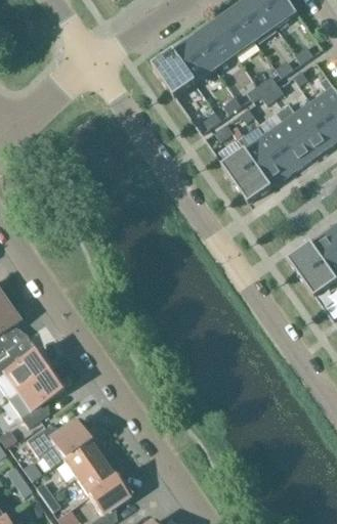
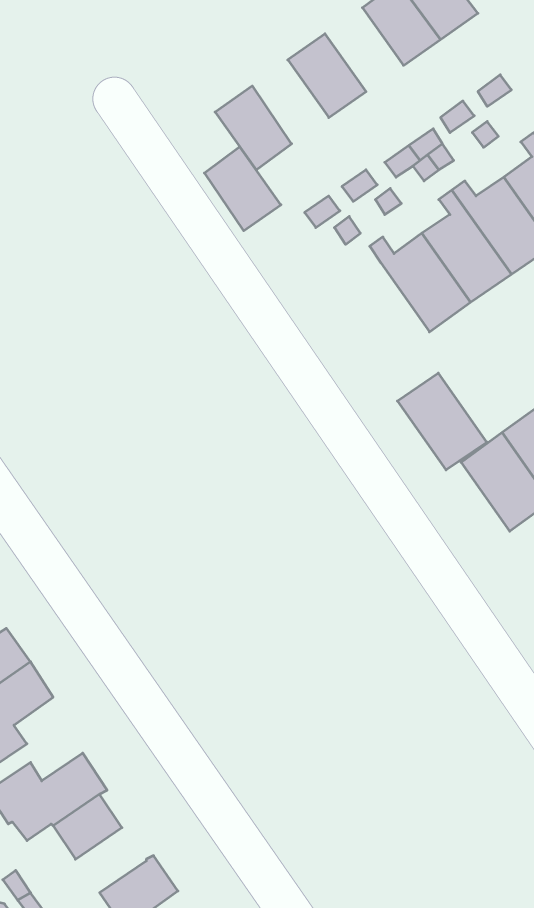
building: [213,7,256,53] -> none
building: [173,36,215,82] -> [204,147,281,231]
building: [221,147,270,201] -> [397,373,487,470]
building: [76,457,115,493] -> none

